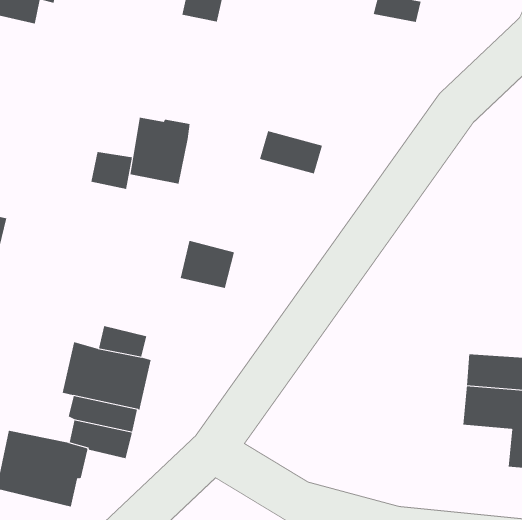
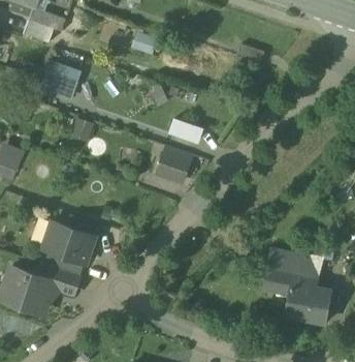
building: none -> [40,57,80,95]
building: [130,117,190,185] -> none
building: [180,240,235,288] -> [158,153,190,182]

